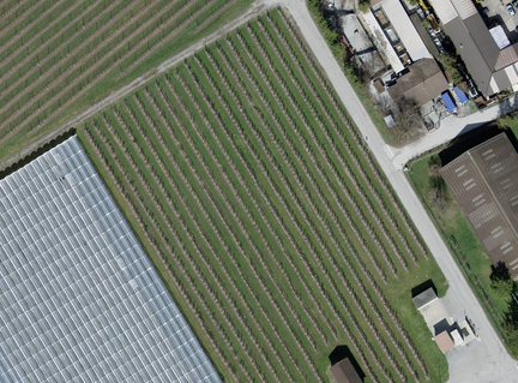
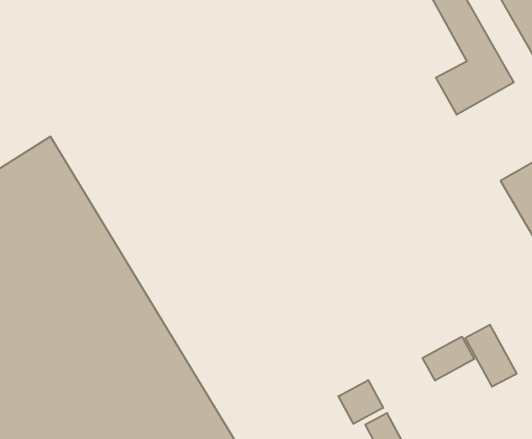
building: none -> [423,337,474,381]
building: none -> [338,380,383,424]

